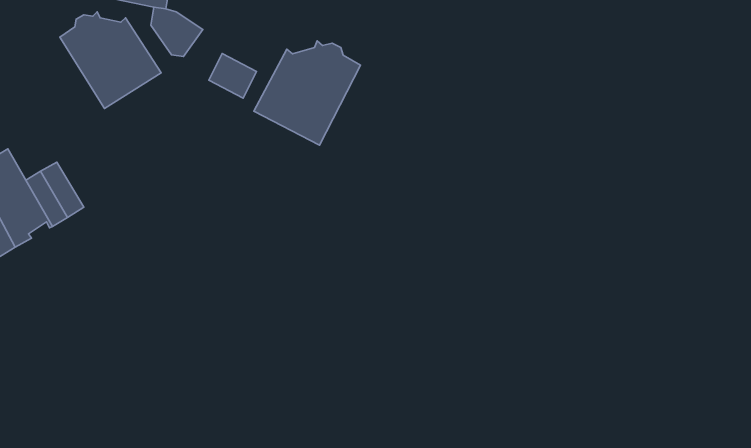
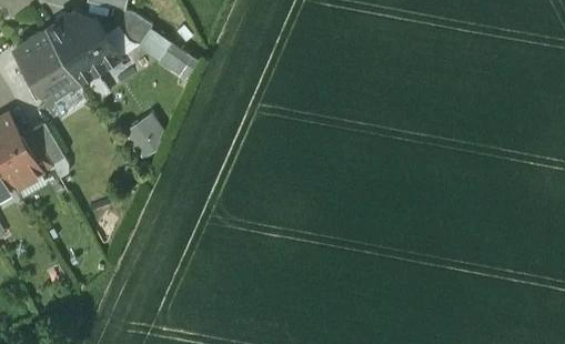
building: none -> [16,32,80,104]
building: [254,41,361,145] -> none
building: none -> [122,111,170,158]

